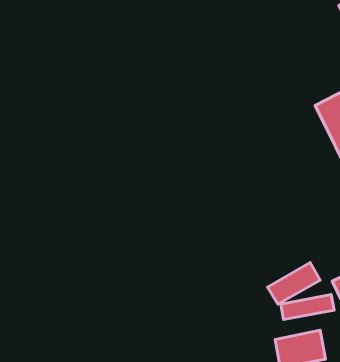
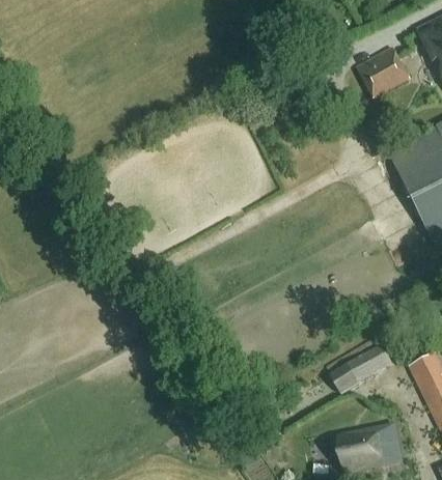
building: none -> [359,48,408,92]
building: [281,295,334,320] -> none

